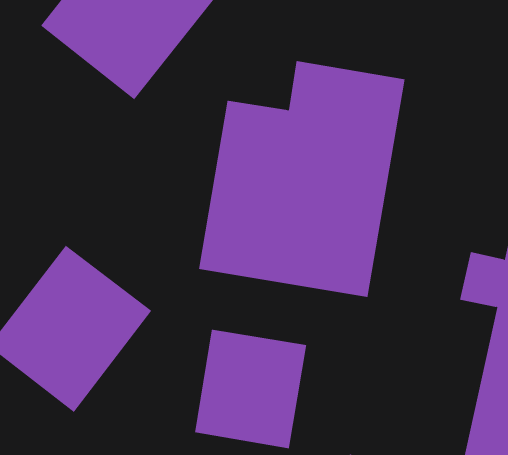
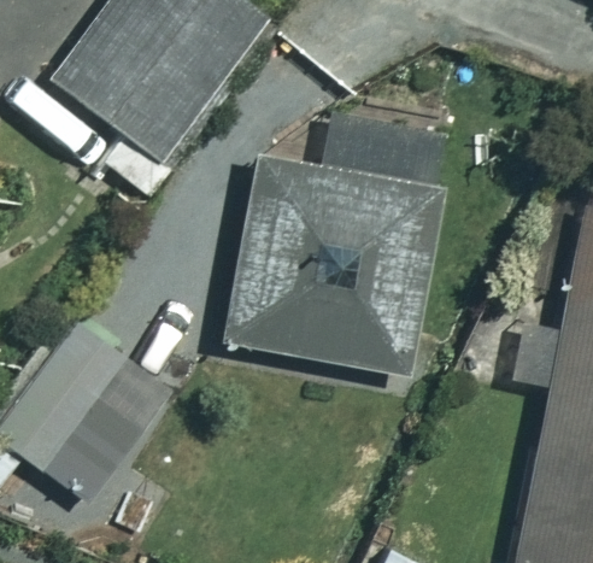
building: [194,329,307,449] -> none

